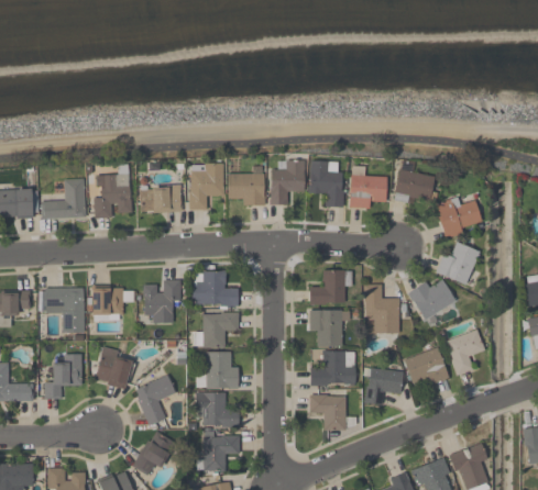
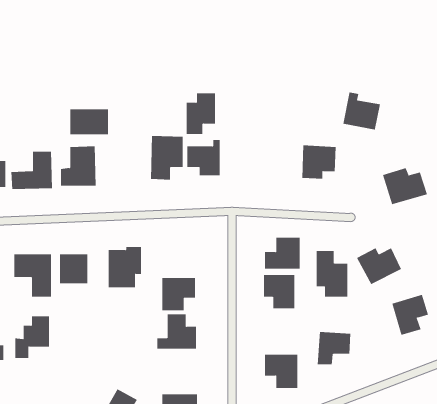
building: [272,159,304,203] -> [186,93,216,134]
building: [309,160,344,205] -> none
building: [395,162,436,202] -> [342,92,381,130]
building: [141,183,183,211] -> [70,109,109,135]
building: [436,242,481,285] -> none
building: [193,271,238,305] -> none
building: [95,347,134,388] -> none
building: [404,347,450,386] -> none
building: [310,349,355,385] -> none
building: [134,375,176,425] -> none
building: [196,391,239,426] -> none

